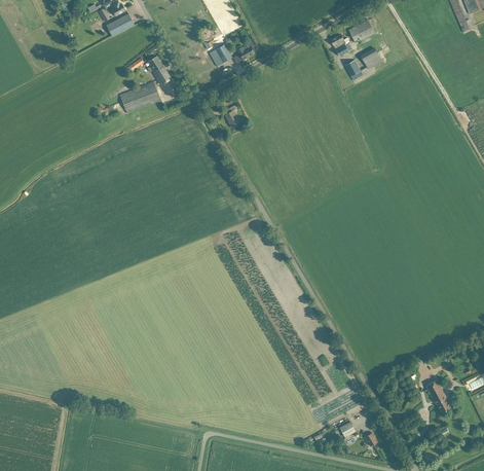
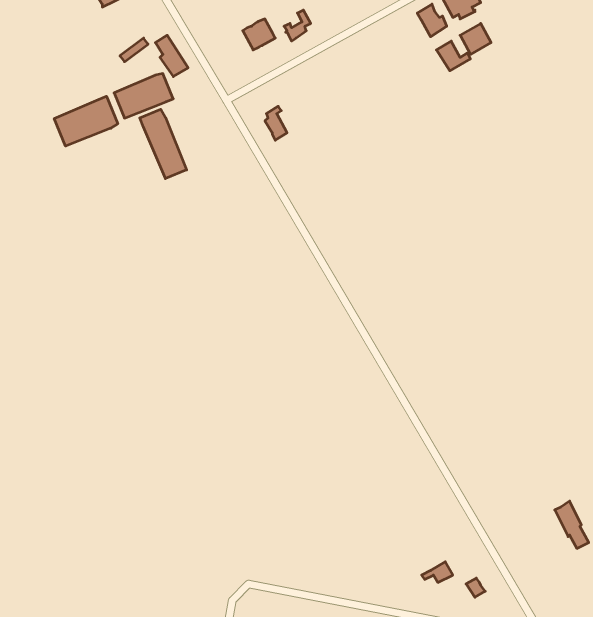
building: none -> [54,96,118,146]
building: none -> [140,109,187,179]

